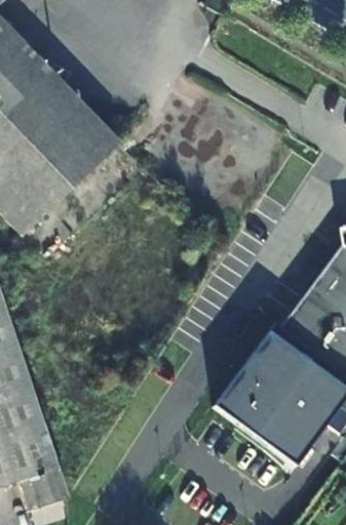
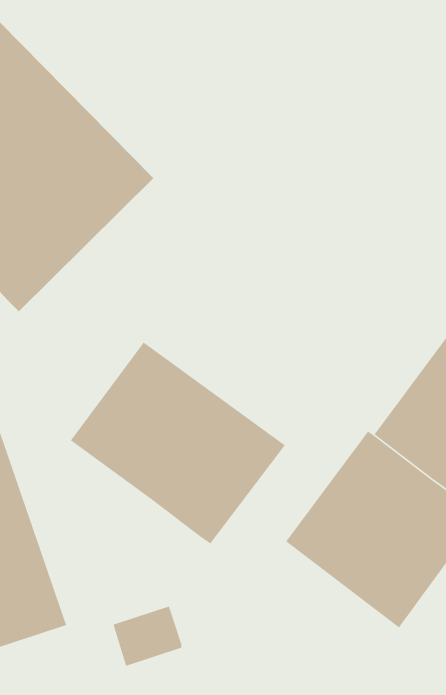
building: none -> [70,341,286,545]
building: [15,465,66,509] -> [113,606,182,667]

